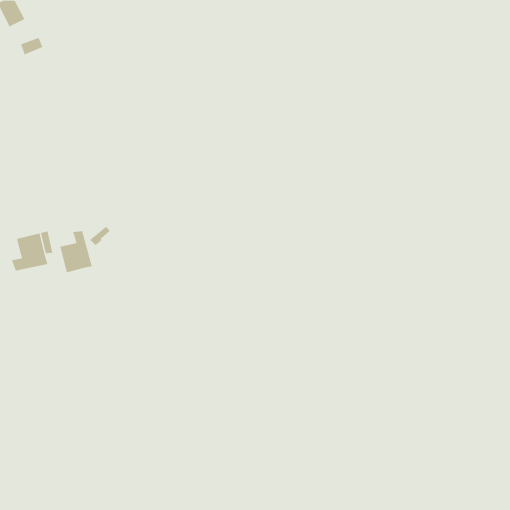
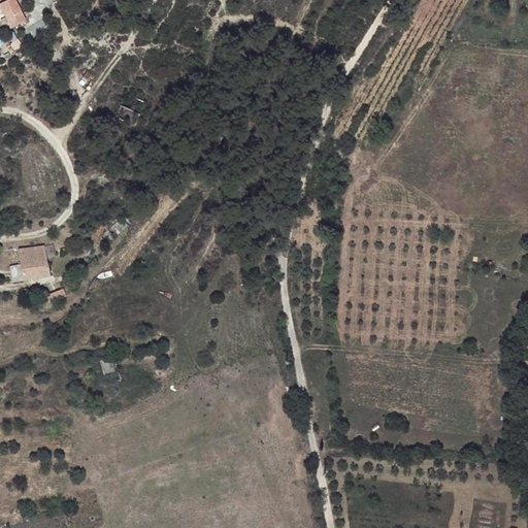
building: [60,231,92,273] -> none

